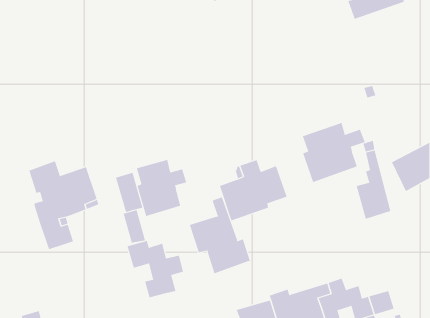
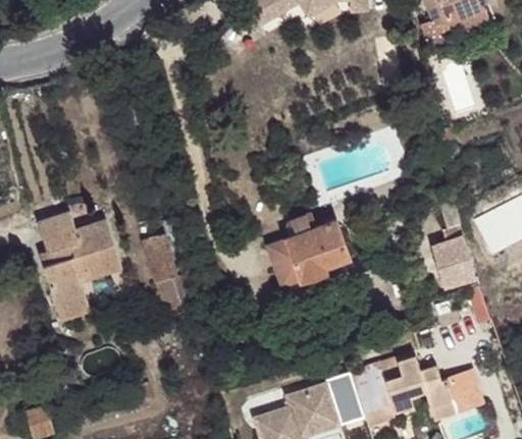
building: [302,122,366,183] -> none
building: [136,159,187,217] -> none
building: [189,197,251,274] -> none
building: [127,240,183,298] -> none

